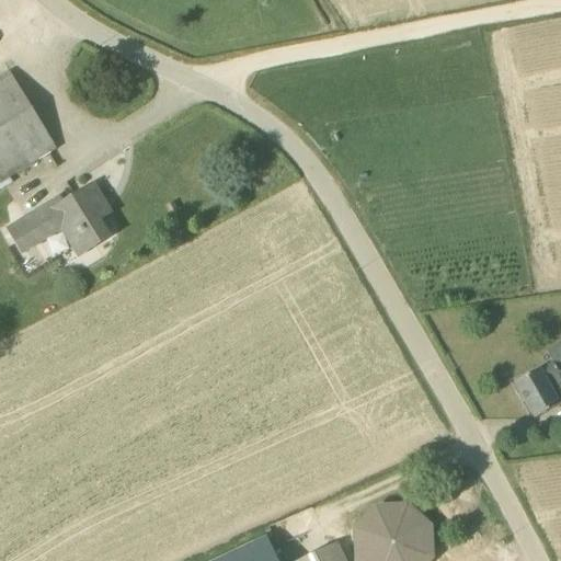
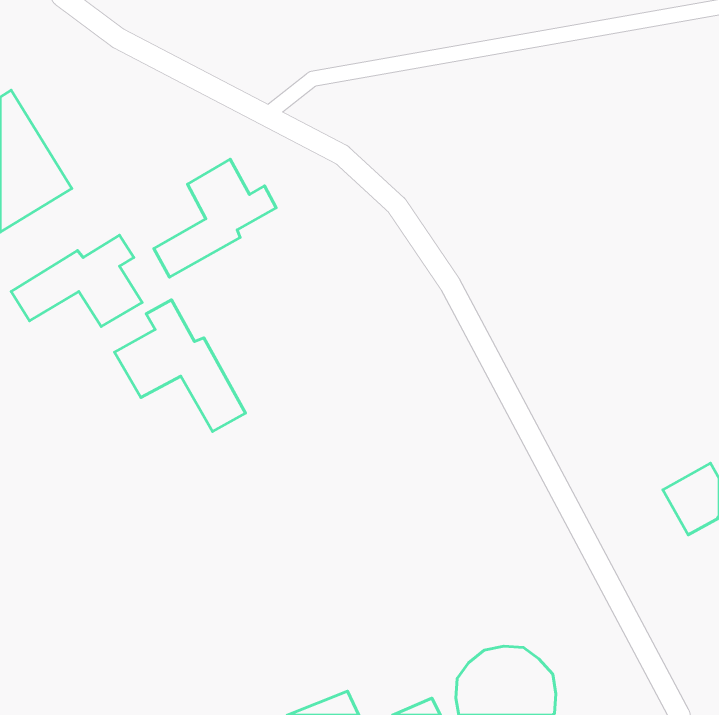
building: none -> [154,159,276,277]
building: none -> [114,300,246,431]

